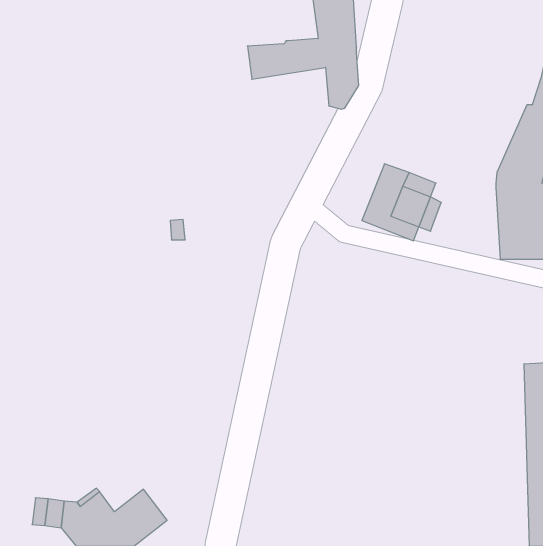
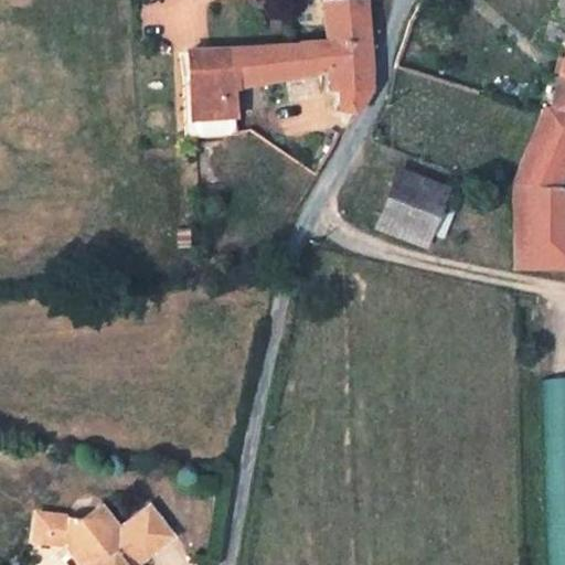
building: none -> [191,47,264,136]

